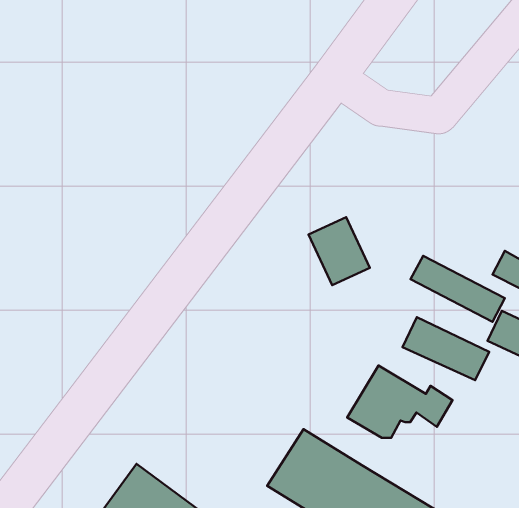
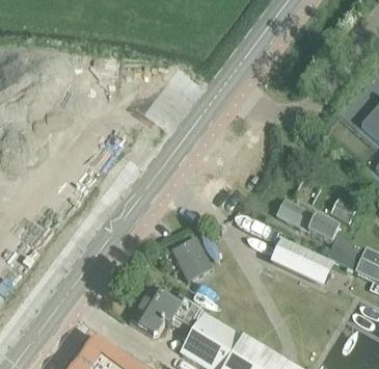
building: [309,217,370,285] -> [172,235,213,280]
building: [347,365,453,438] -> [131,284,200,332]

